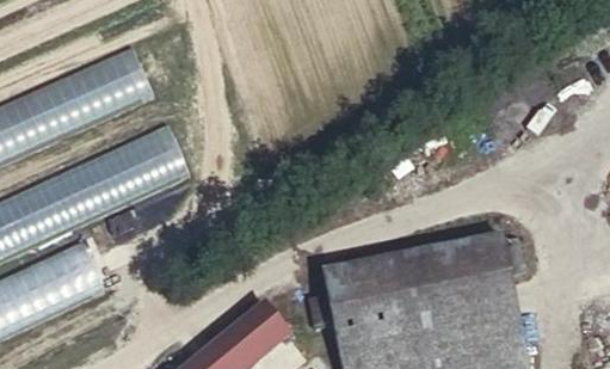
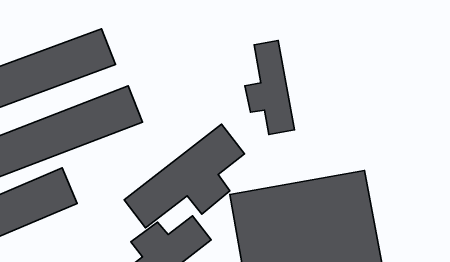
building: none -> [245,41,294,134]
building: none -> [124,124,245,228]

